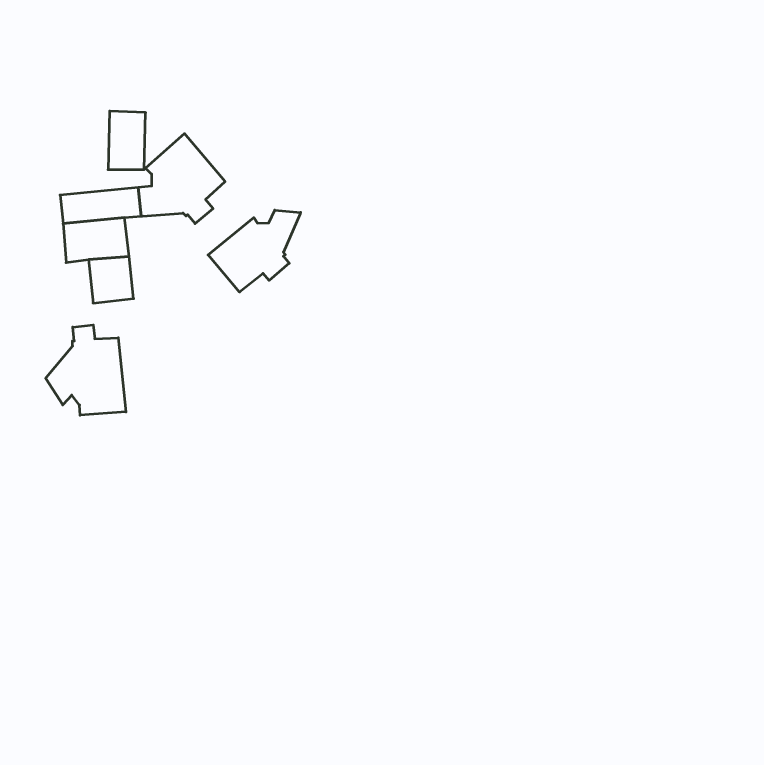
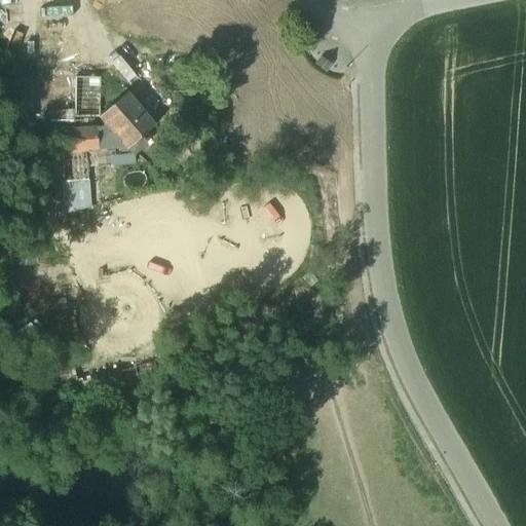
building: [208,210,301,292] -> none
building: [46,325,126,415] -> none

